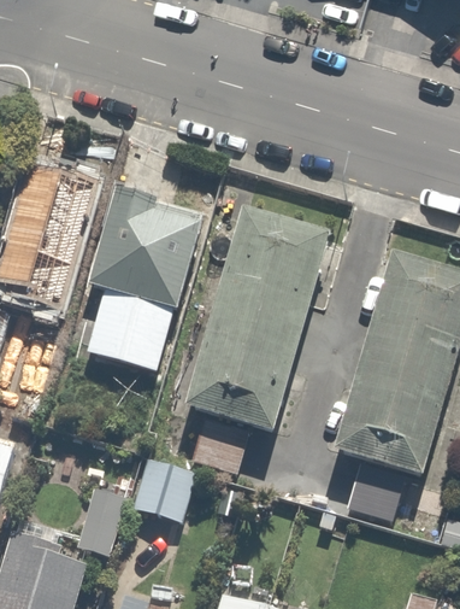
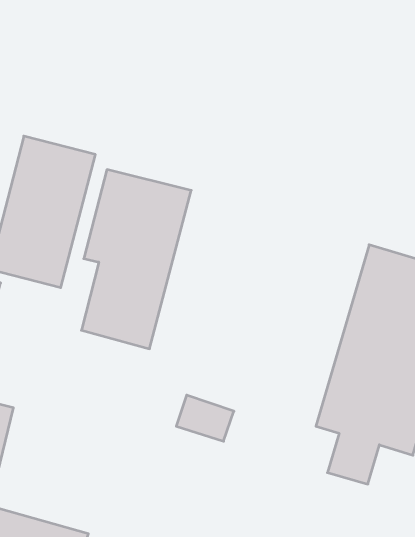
building: [189,216,323,437] -> none
building: [135,458,196,527] -> none
building: [75,478,128,558] -> none

